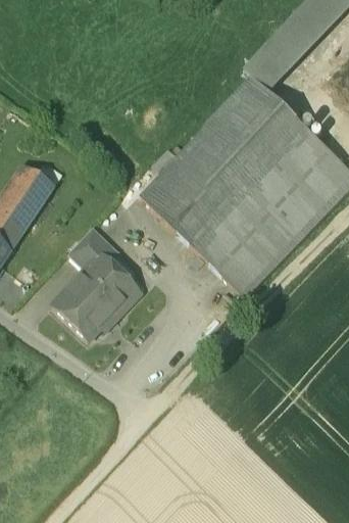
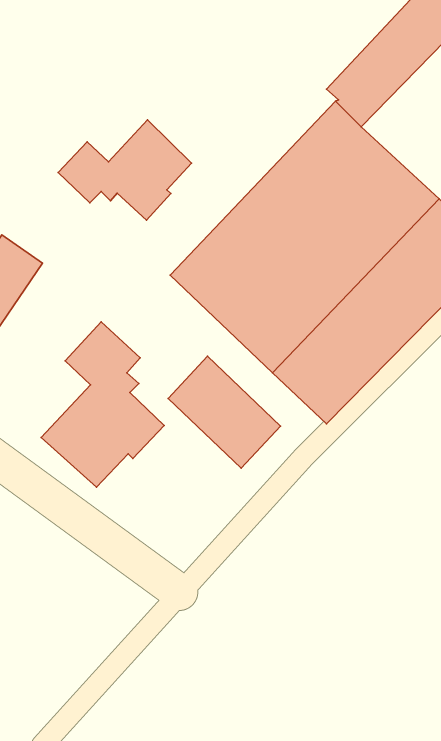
building: none -> [58,120,192,220]
building: none -> [168,356,280,468]

